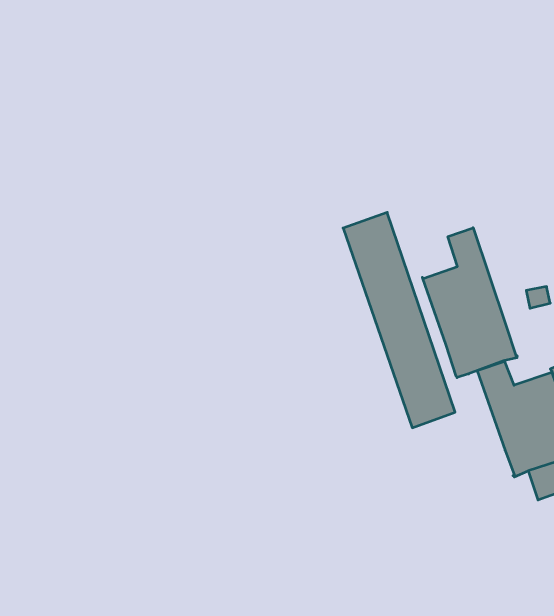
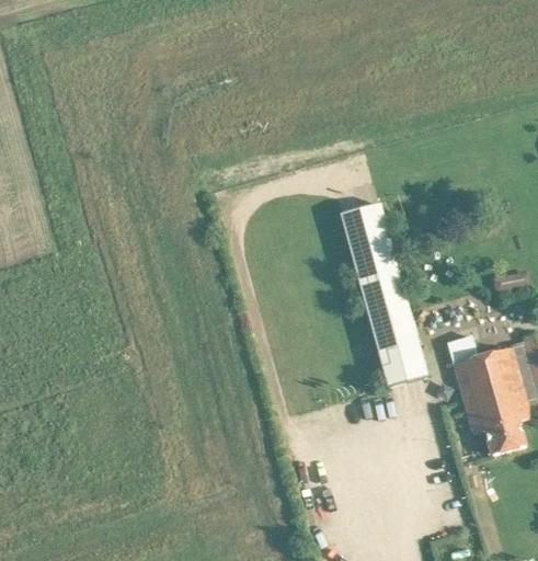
building: [422,228,517,378] -> none

